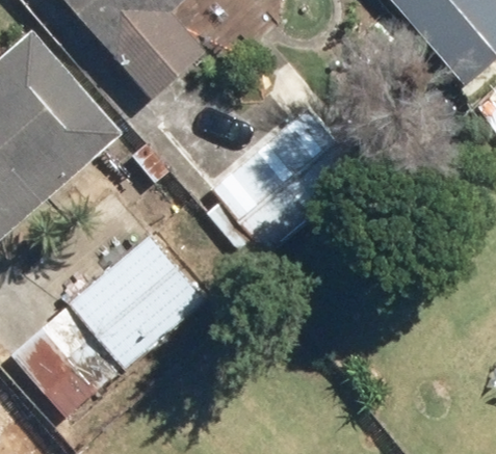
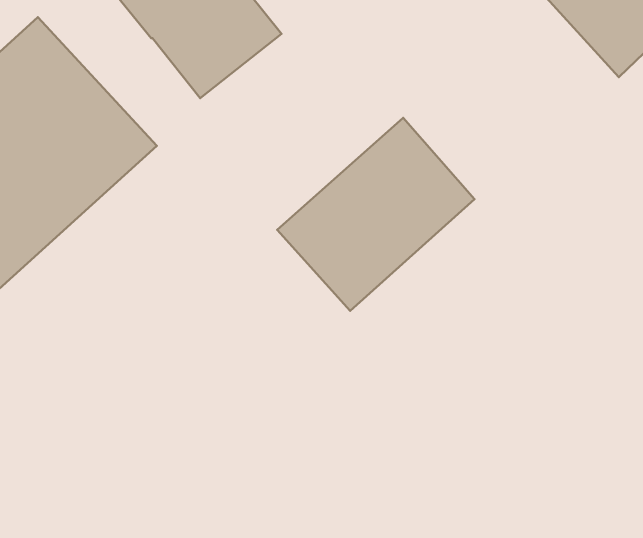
building: [16,235,206,412] -> none

